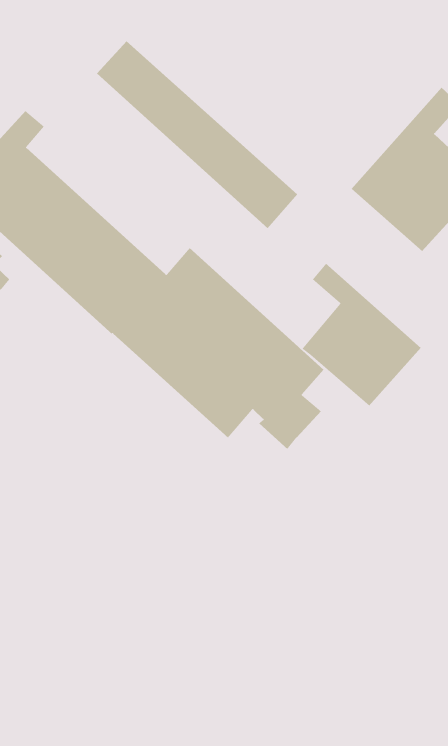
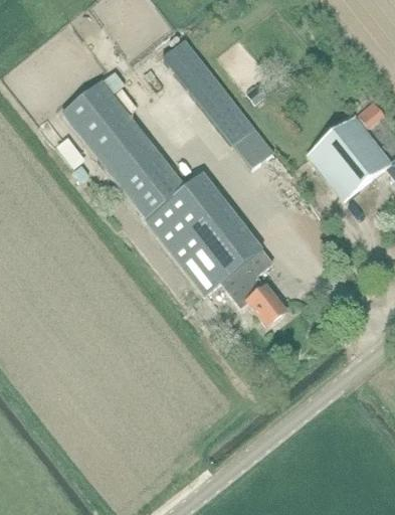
building: [301,263,422,407] -> none
building: none -> [247,287,284,326]

